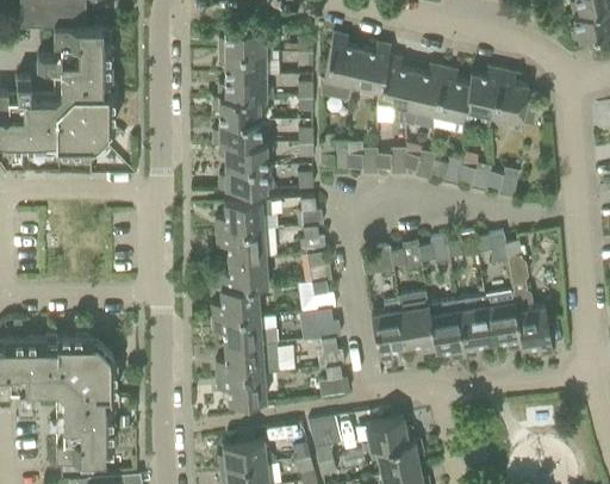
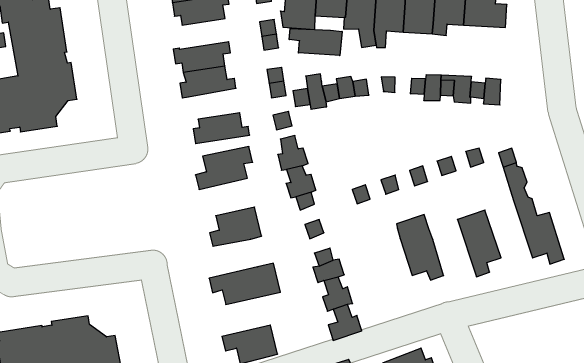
building: [218,74,272,97] -> none
building: none -> [289,29,342,56]
building: [219,142,272,166] -> none
building: [216,229,266,260] -> none
building: [211,287,260,318] -> none
building: [484,290,522,349] -> none
building: [371,299,405,360] -> none
building: [428,299,466,359] -> none
building: [216,342,279,376] -> none

